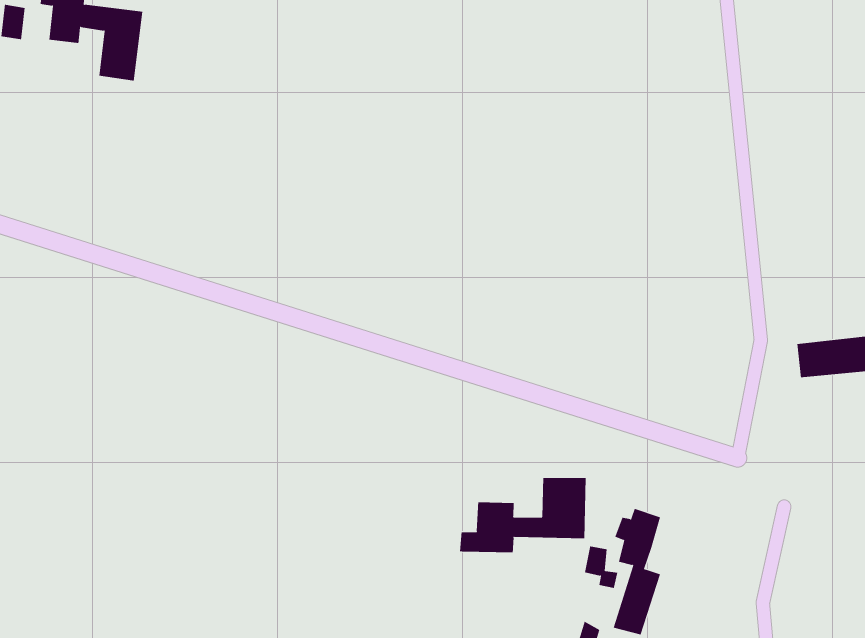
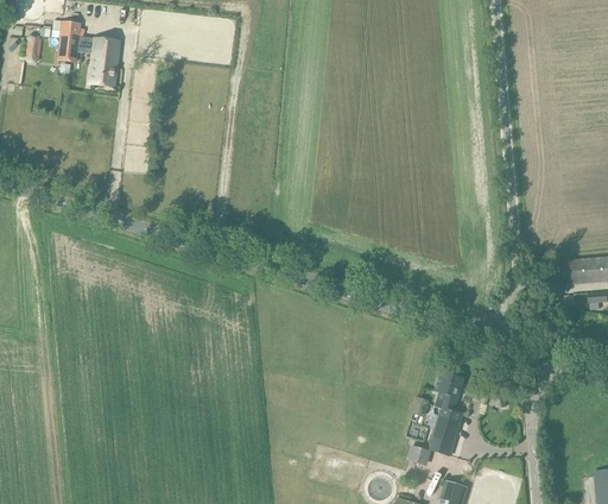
building: [459,477,586,553] -> none

